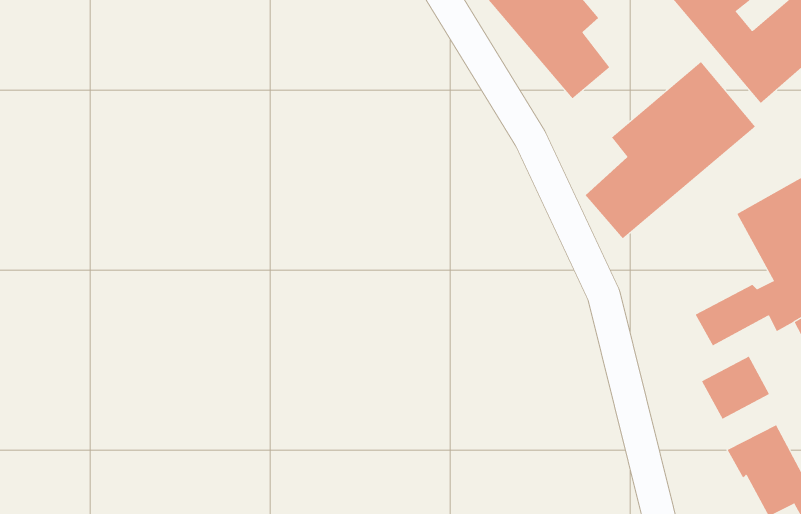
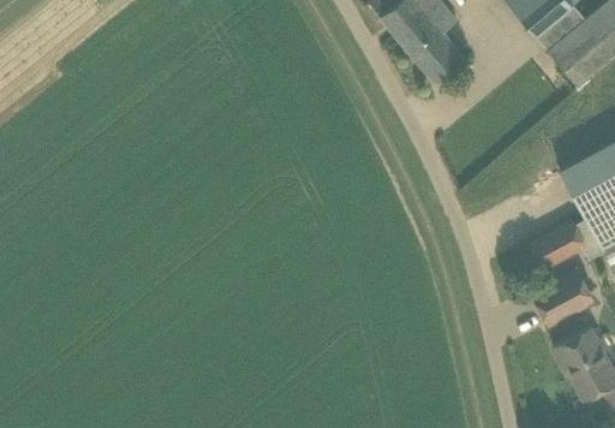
building: [585,61,756,239] -> none

